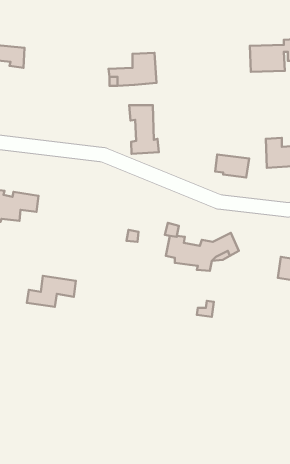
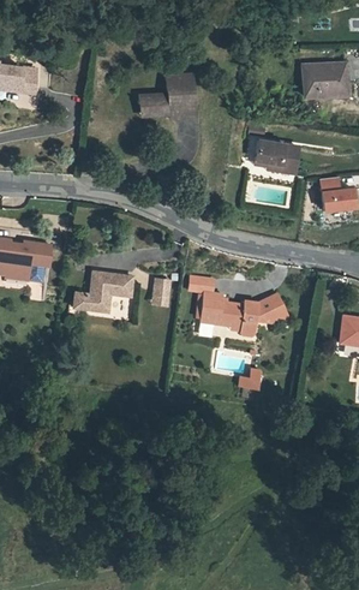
building: [129,105,159,154] -> none
building: [215,155,249,178] -> [258,141,299,168]
building: [27,276,76,307] -> [73,274,132,311]

